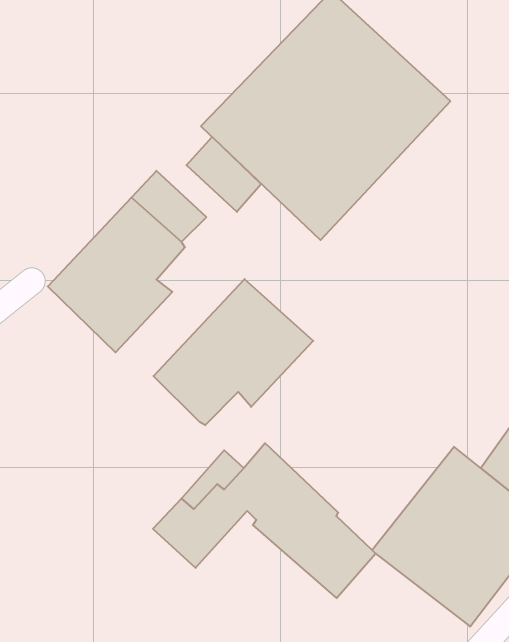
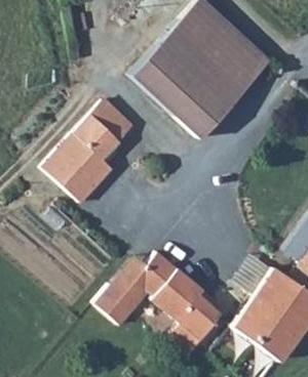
building: [186,137,261,212] -> none
building: [153,279,313,425] -> none

